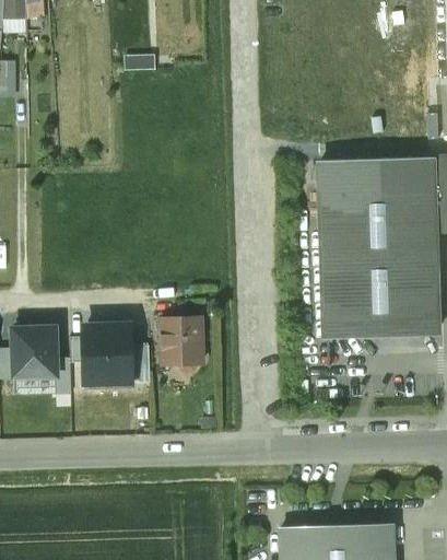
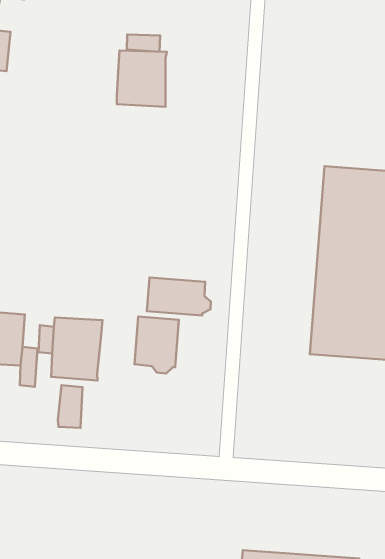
building: none -> [117,50,167,107]
building: none -> [147,278,211,315]
building: [128,343,150,383] -> [58,385,82,428]

